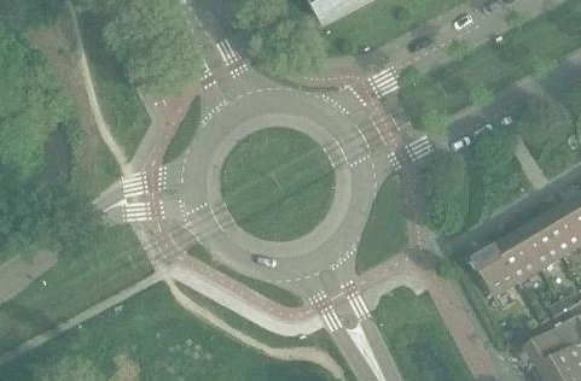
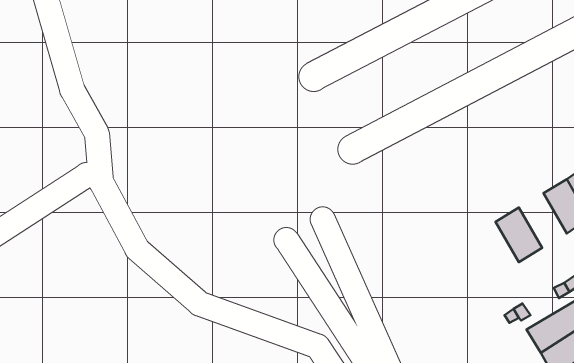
building: [518,217,563,268] -> none
building: [473,244,518,294] -> none

